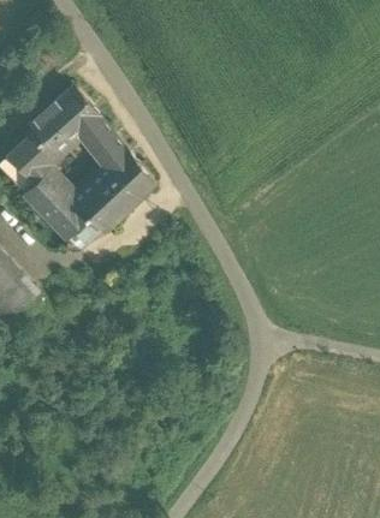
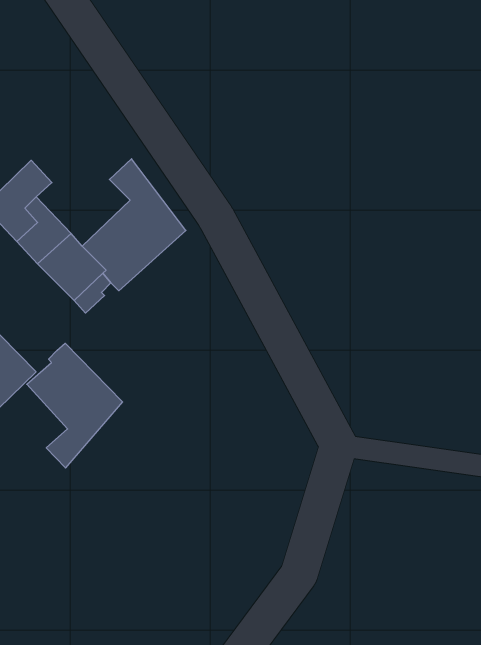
building: [29,88,111,155] -> none
building: none -> [27,343,123,468]

